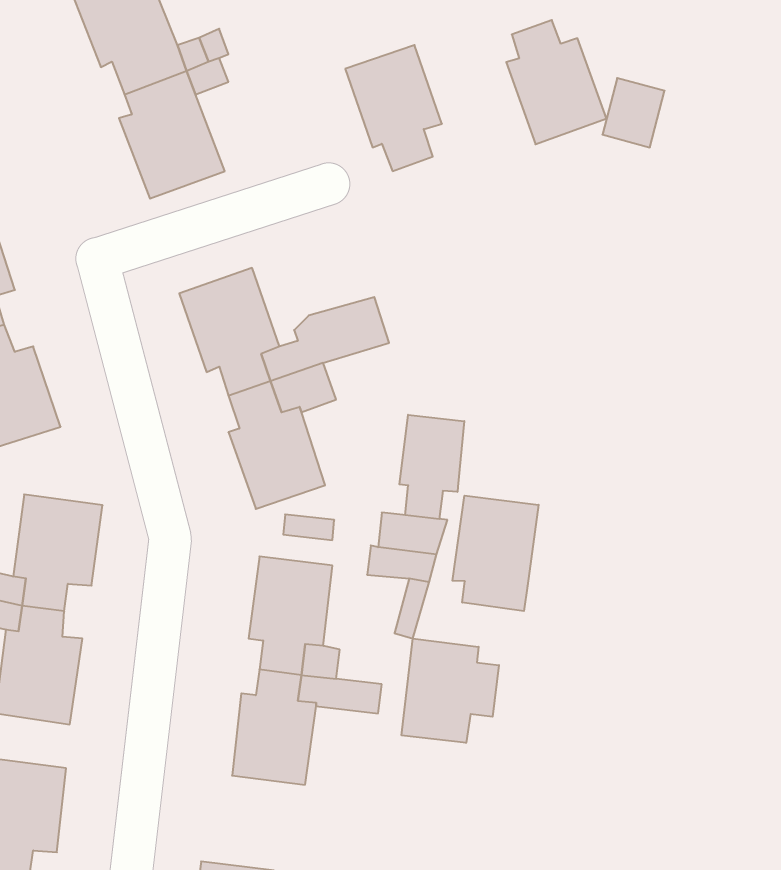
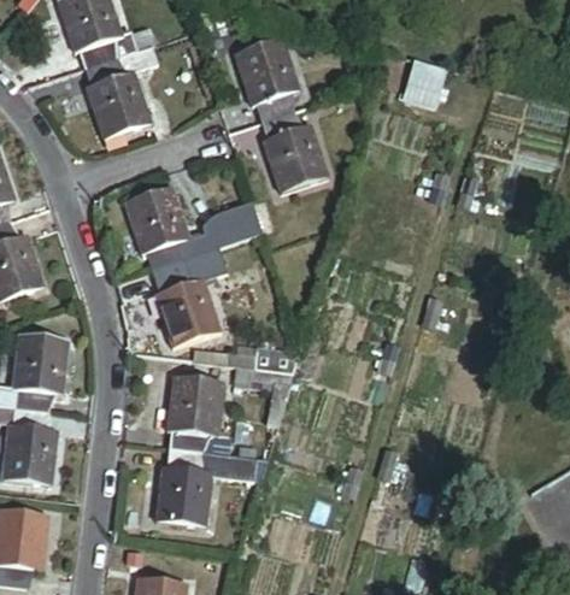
building: [506,20,607,144] -> [260,111,327,193]
building: [399,415,464,519] -> none
building: [452,496,539,611] -> none
building: [402,639,499,743] -> none

